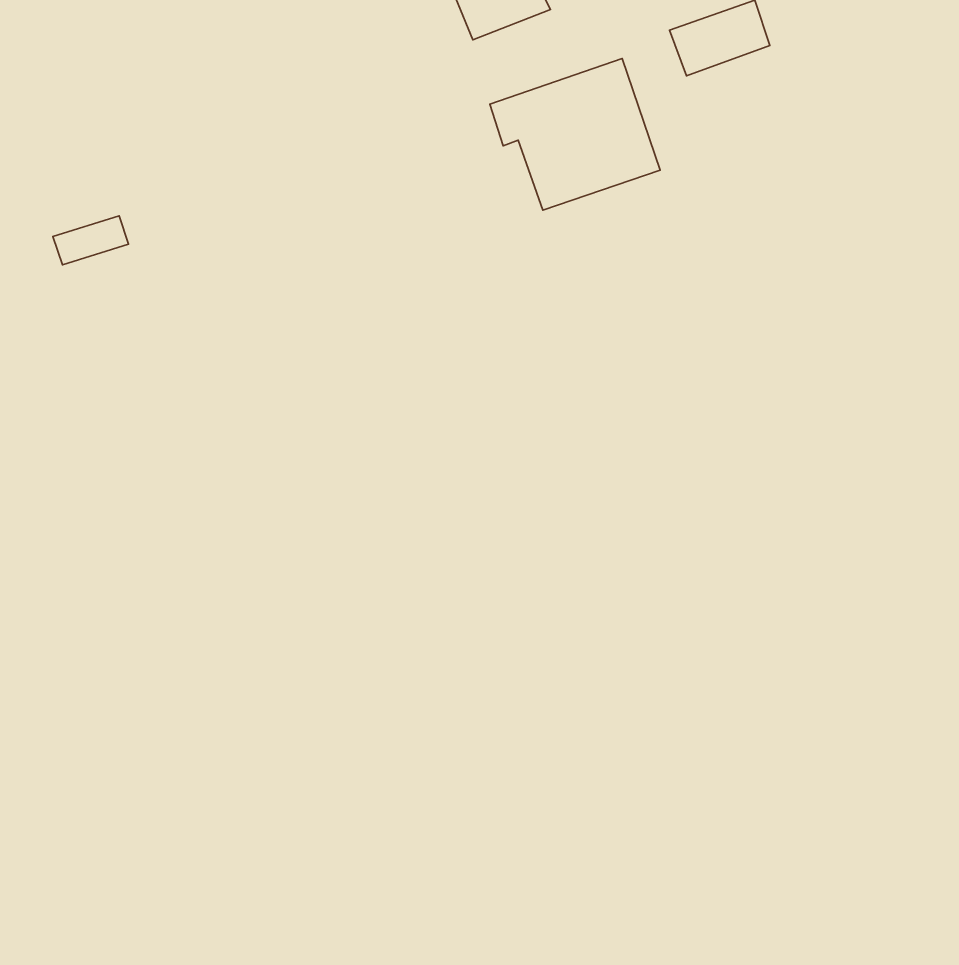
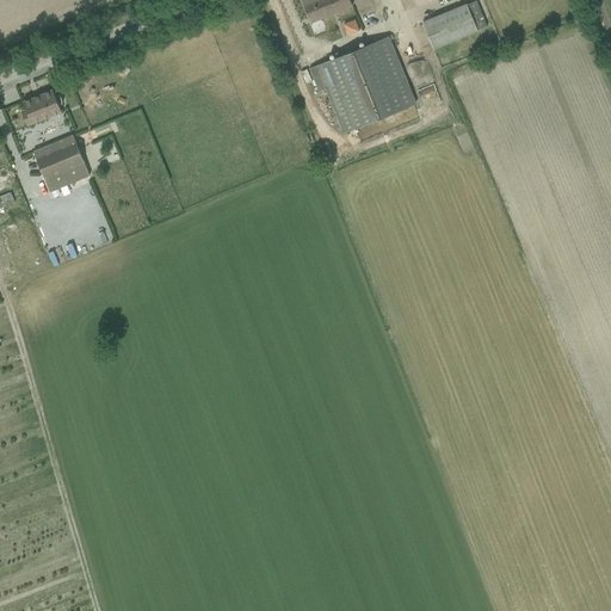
building: none -> [8,88,60,128]
building: none -> [43,156,91,195]

